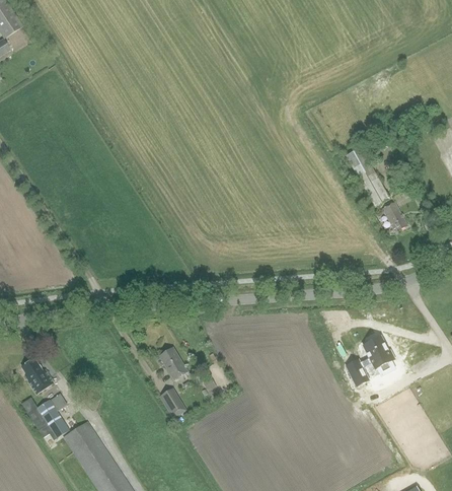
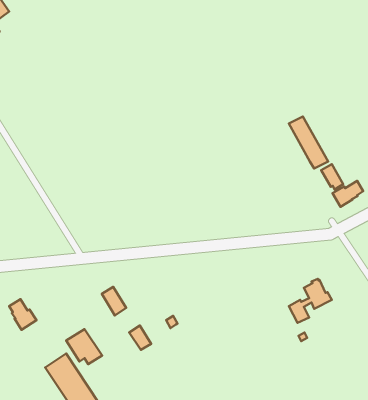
building: none -> [333,181,363,207]
building: [159,346,187,379] -> [102,287,126,316]
building: [27,399,69,439] -> [66,329,102,364]

